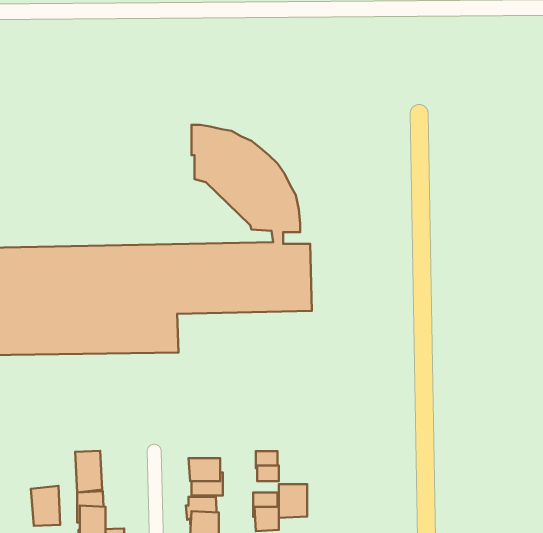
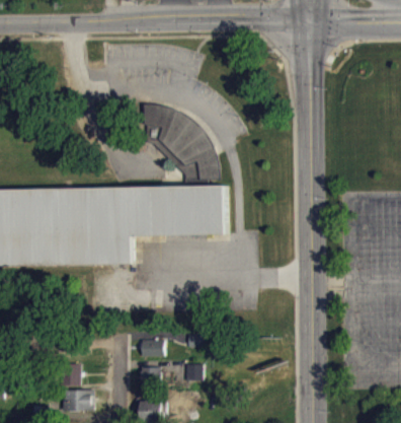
building: [75,451,102,493] -> none
building: [279,484,307,518] -> none
building: [31,486,60,526] -> none

